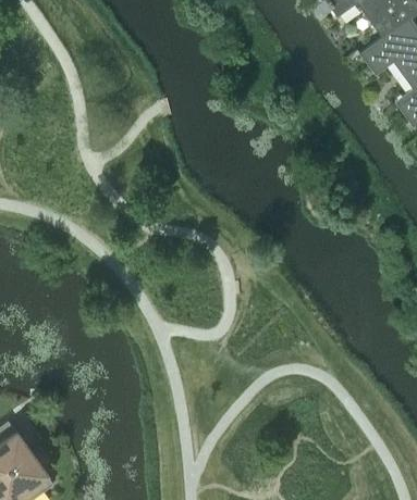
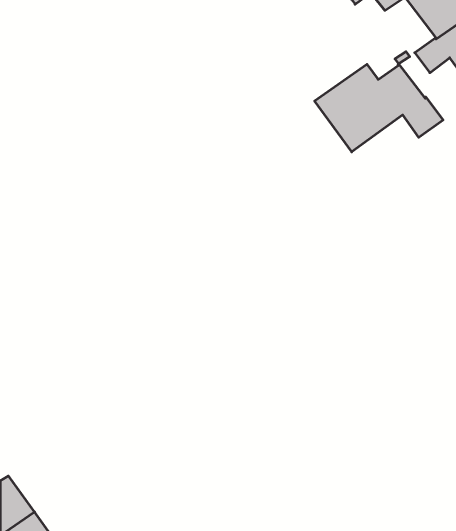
building: none -> [315,64,443,152]

